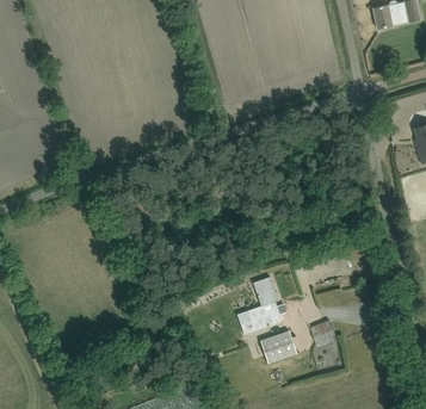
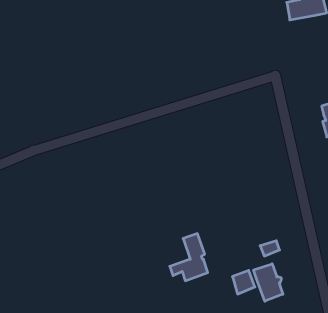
building: none -> [254,264,283,301]
building: [259,330,296,364] -> none

